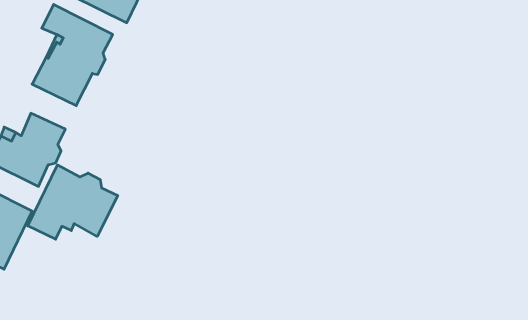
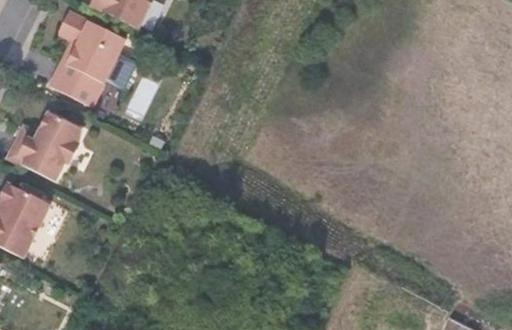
building: [28,165,118,239] -> none

